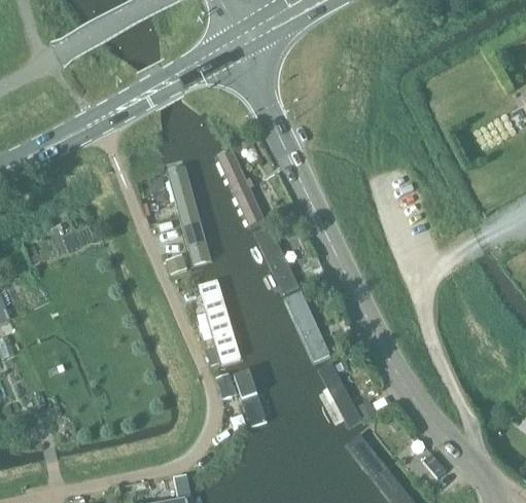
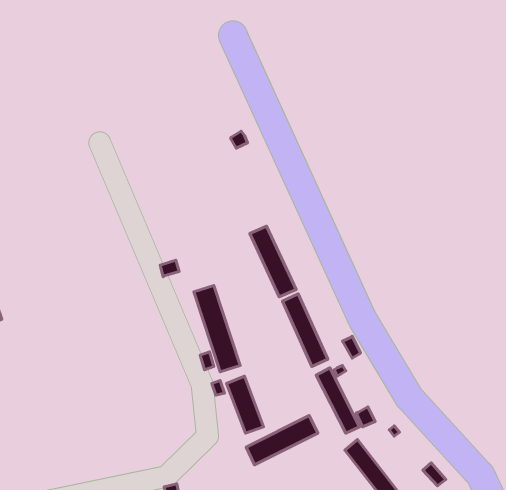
building: [217,148,264,224] -> none
building: [167,168,208,270] -> none
building: none -> [246,416,318,465]

